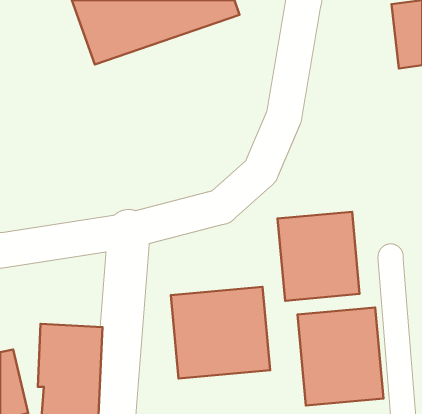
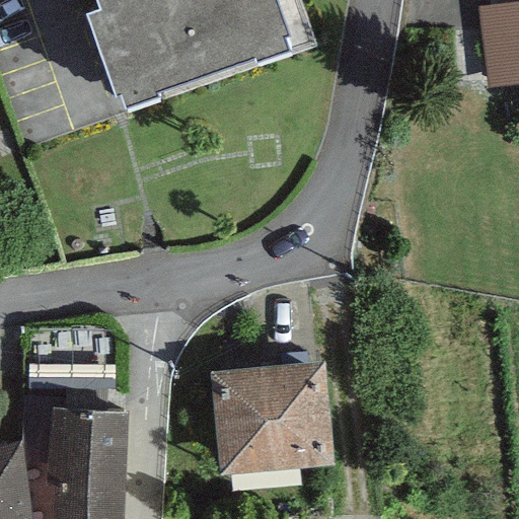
building: [278,212,359,301] -> none
building: [298,307,383,406] -> none

